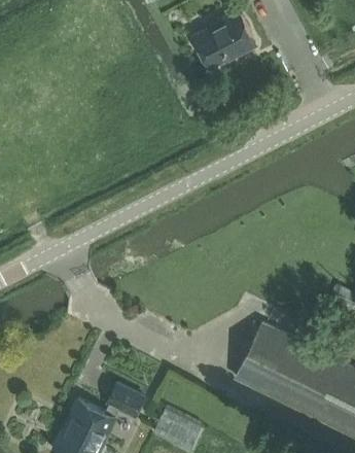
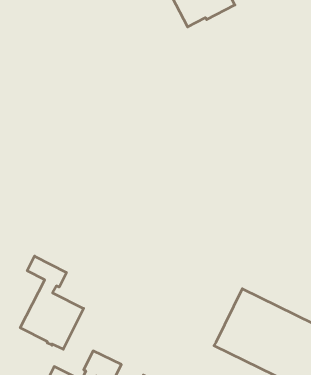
building: none -> [20,256,84,349]

